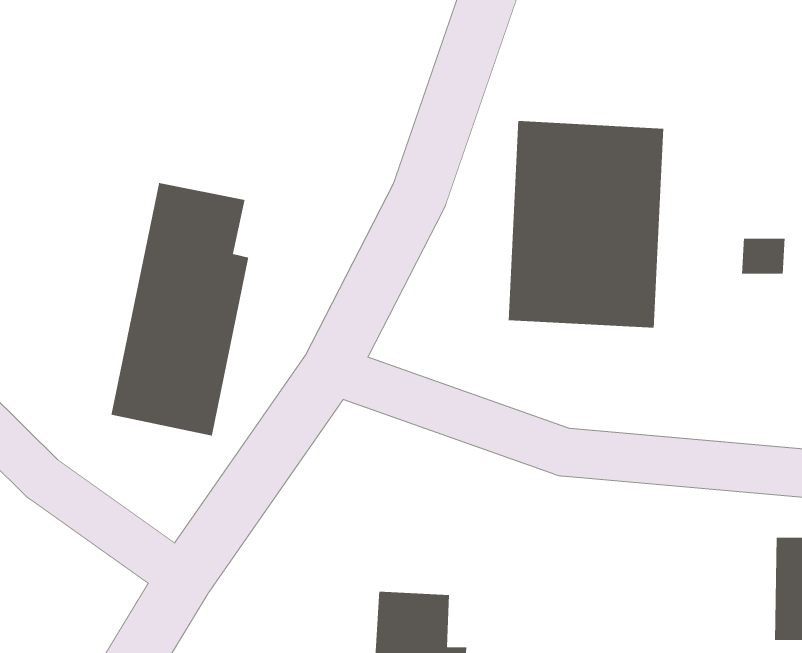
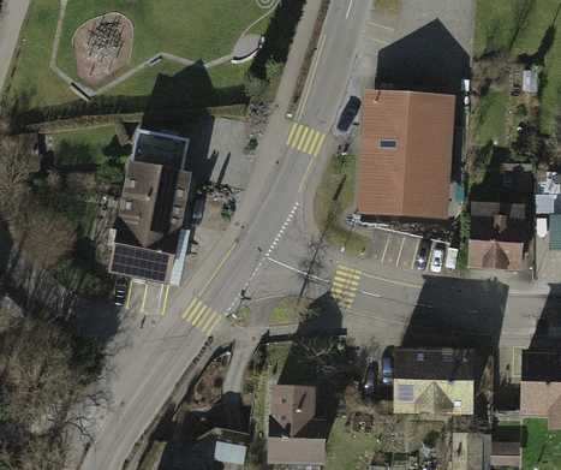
building: none -> [469,200,527,267]
building: none -> [395,346,478,410]

